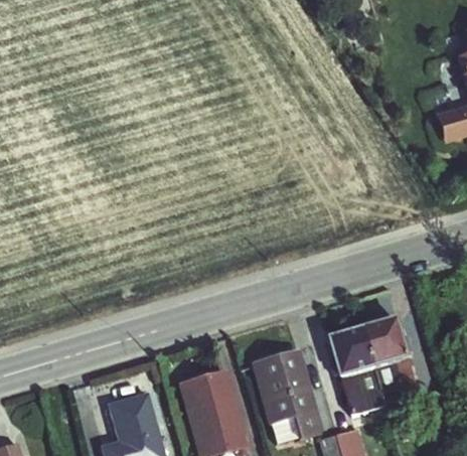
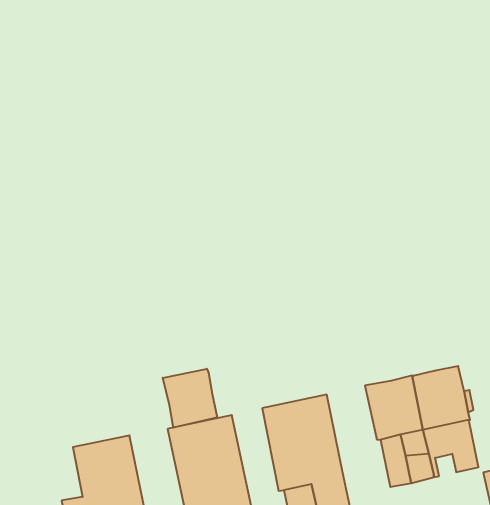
building: none -> [163,369,217,428]

